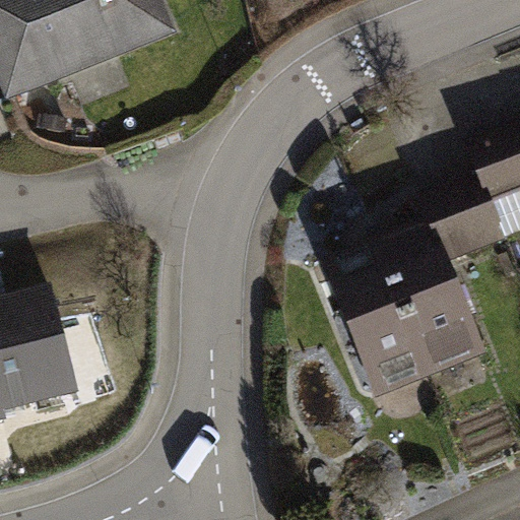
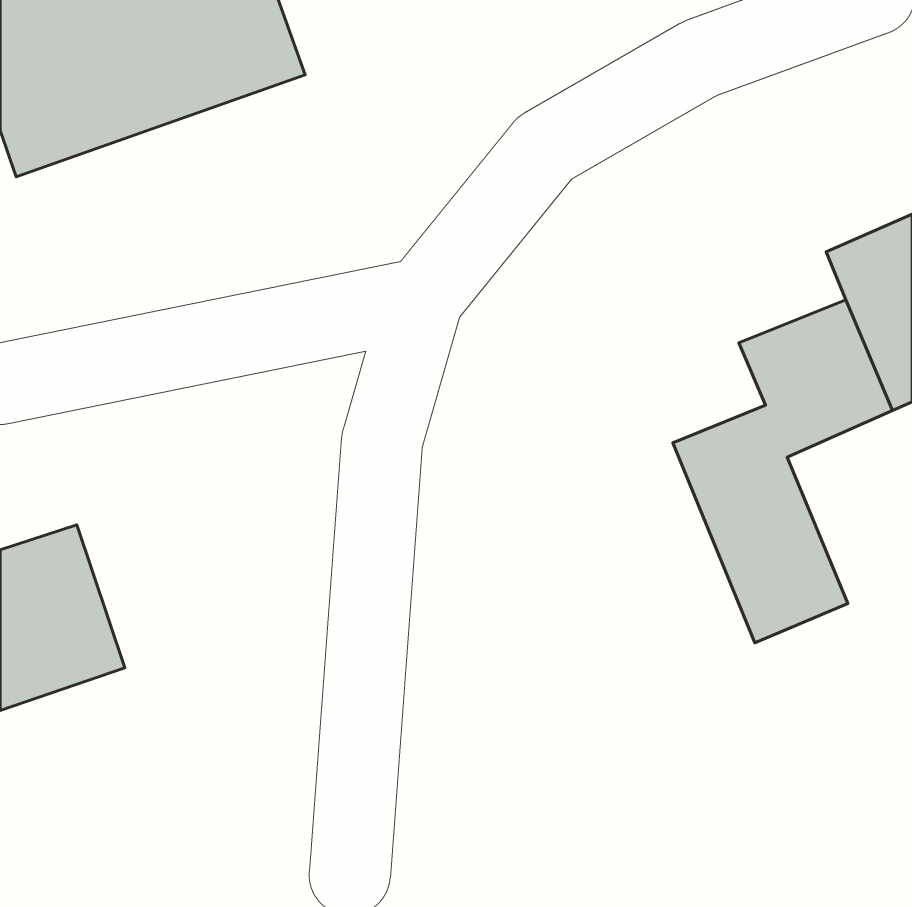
building: [330,252,430,387] -> none

